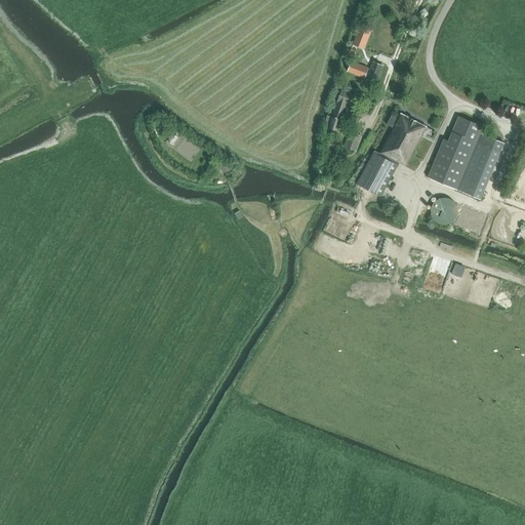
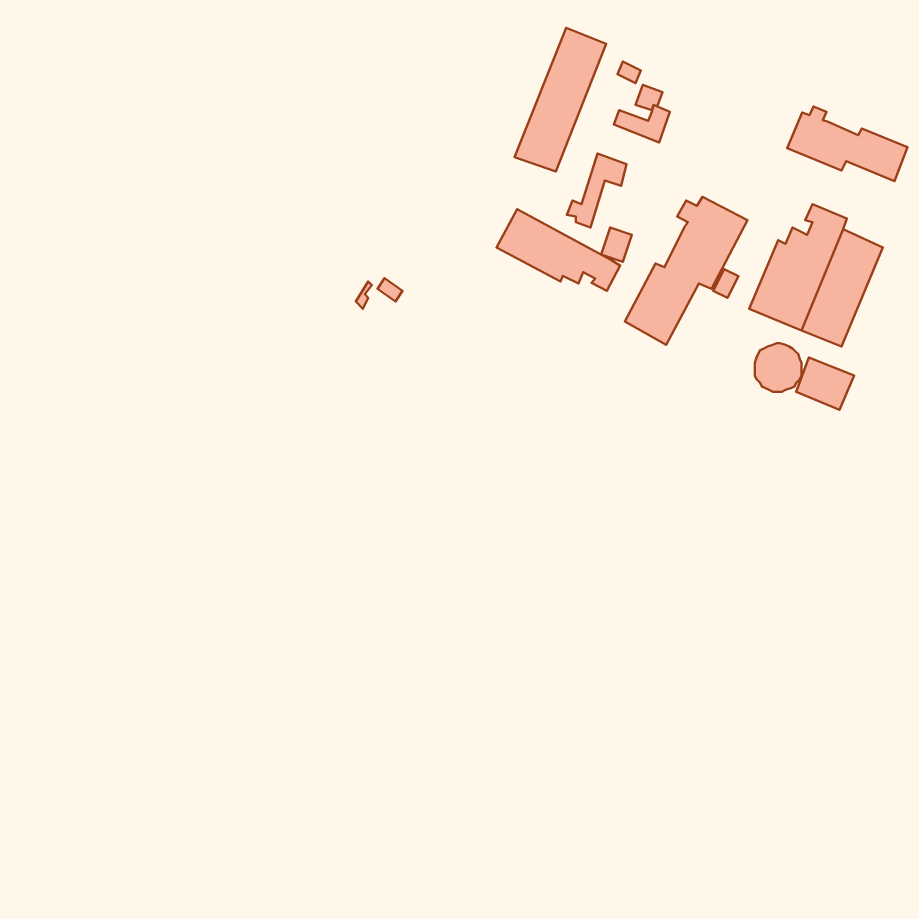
building: none -> [515,28,606,172]
building: none -> [787,107,908,181]
building: none -> [496,209,620,291]

